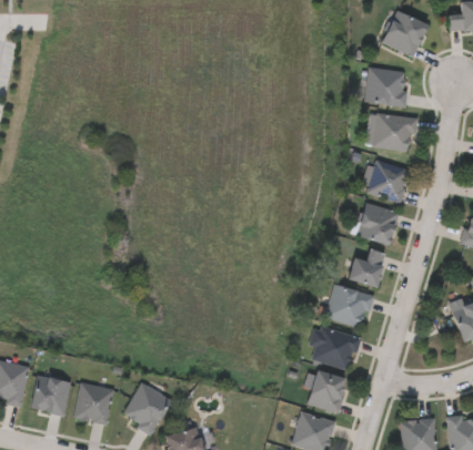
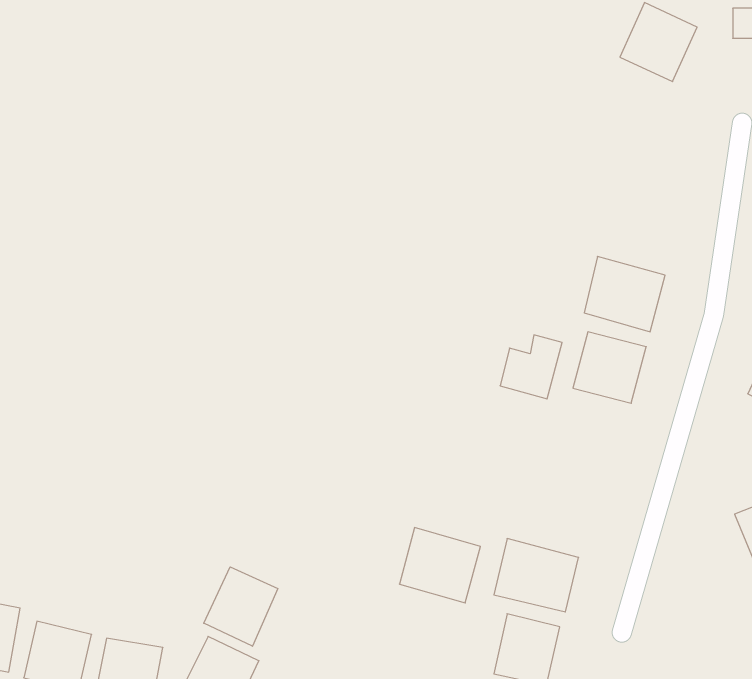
building: [364,71,411,111] -> none
building: [365,112,415,152] -> none
building: [349,249,385,287] -> [500,335,562,399]
building: [324,284,372,328] -> [399,528,480,603]
building: none -> [204,567,278,646]

